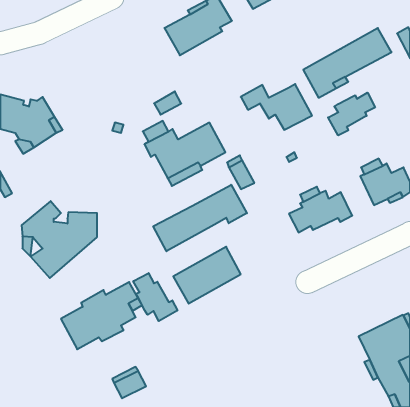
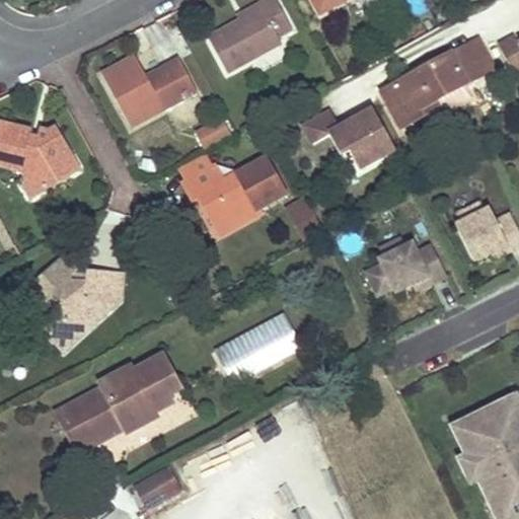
building: none -> [102,54,198,126]
building: [328,93,375,135] -> none
building: [153,185,247,251] -> none
building: [133,273,177,321] -> none
building: none -> [59,403,97,452]

